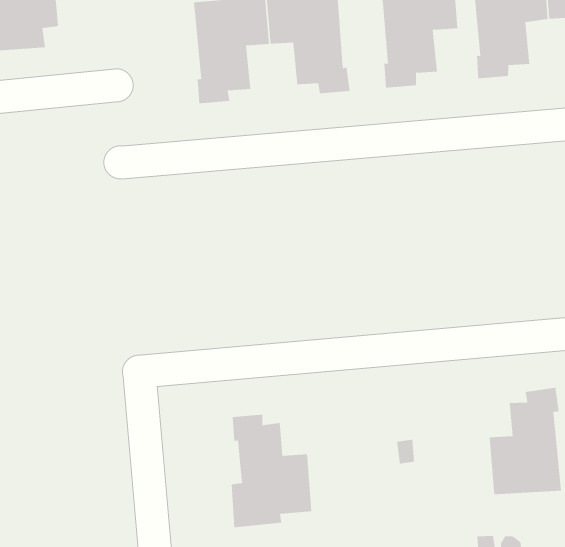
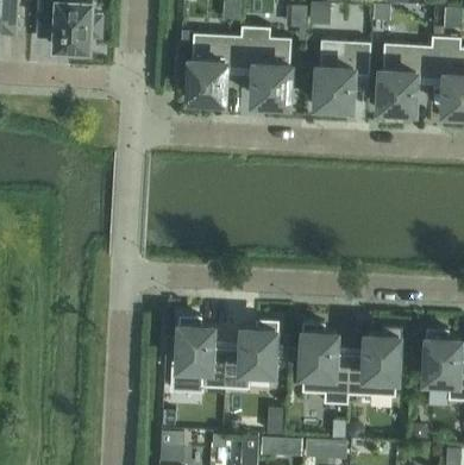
building: none -> [302,322,351,404]
building: none -> [225,320,278,389]

